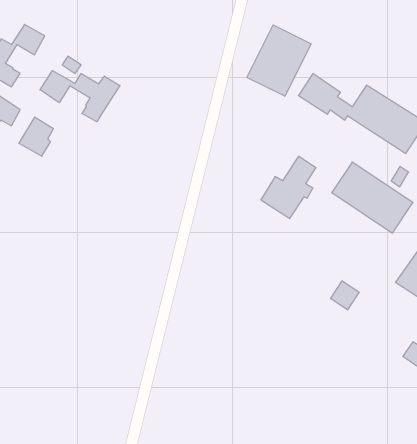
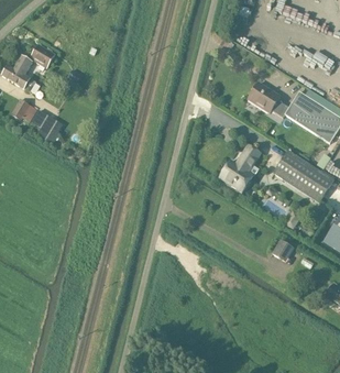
building: [247,25,311,96] -> none
building: [40,71,120,122] -> none

